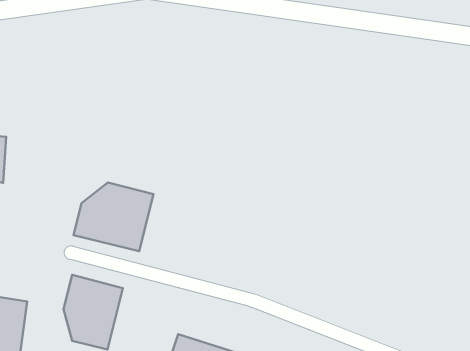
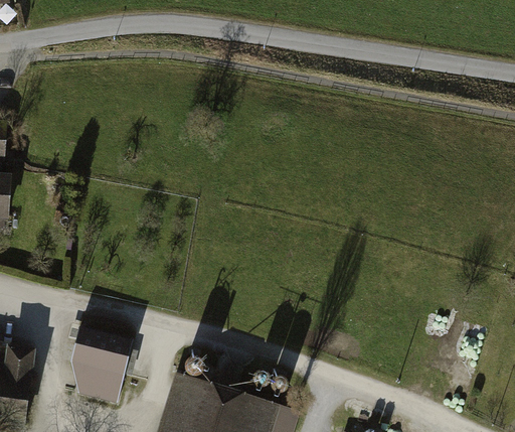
building: [73,183,154,251] -> none

